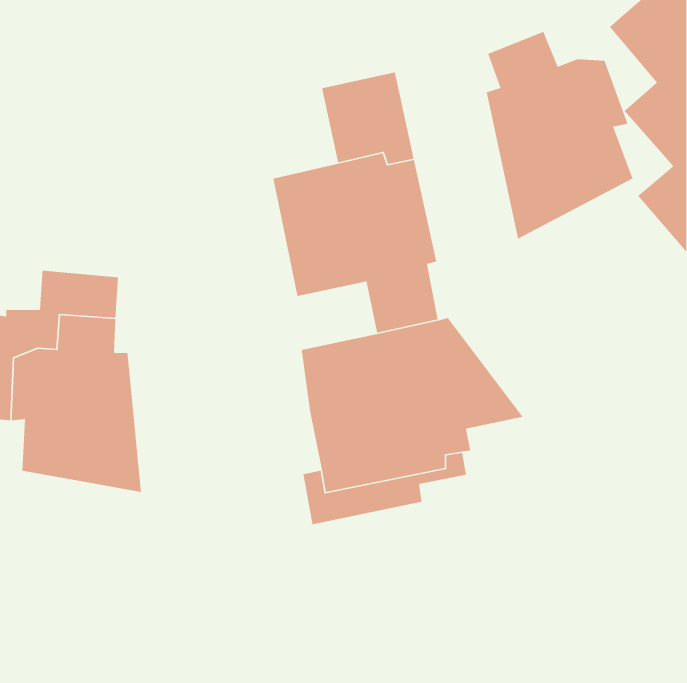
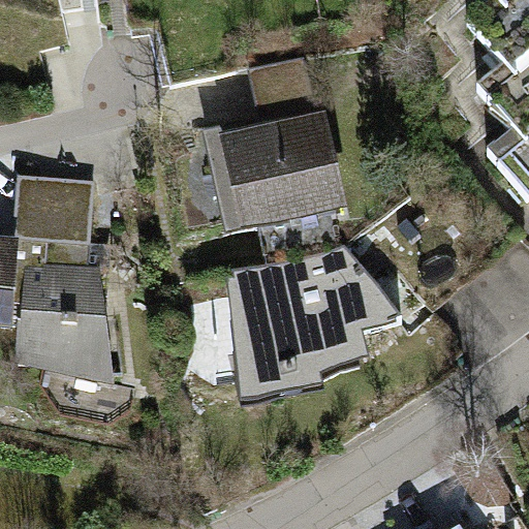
building: [486,31,634,240] -> none

